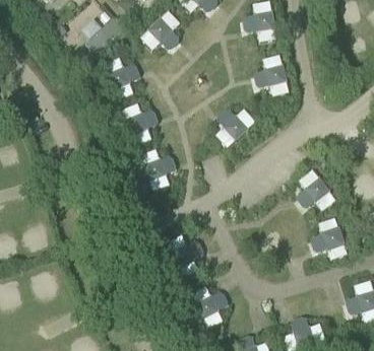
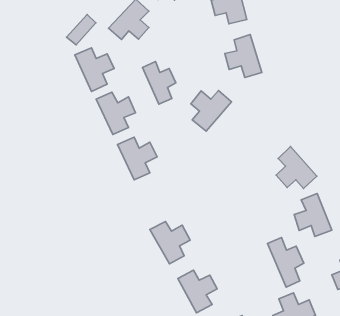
building: none -> [143,62,176,104]
building: none -> [268,237,304,287]

